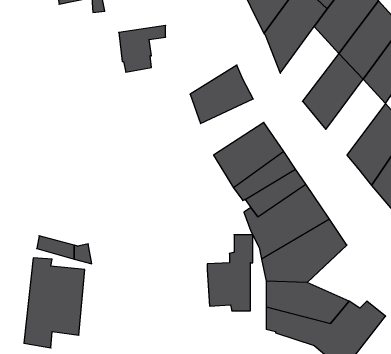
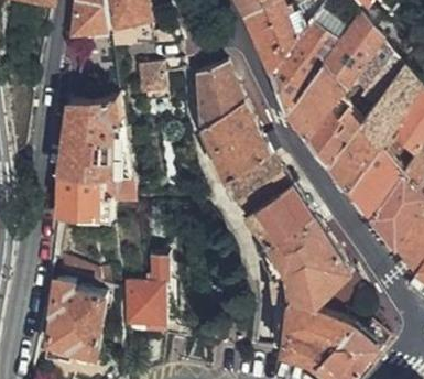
building: none -> [198,61,247,128]
building: none -> [287,64,343,134]
building: none -> [56,95,131,224]
building: none -> [330,113,387,185]
building: none -> [213,132,272,185]
building: [207,235,253,311] -> [123,258,166,329]

